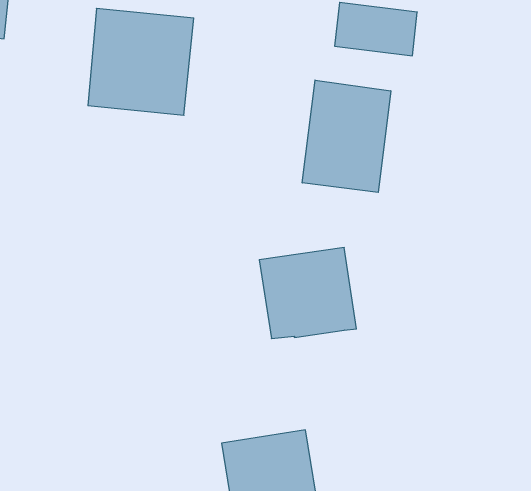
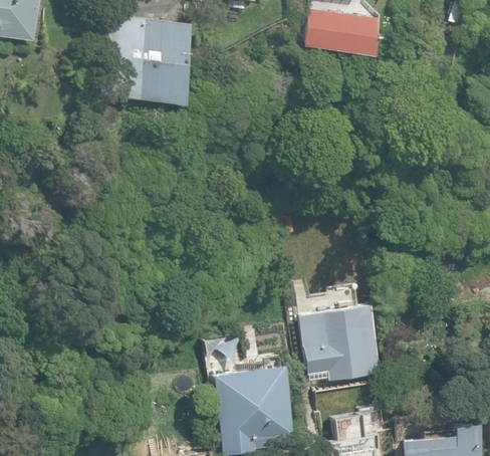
building: [302,80,391,192] -> none
building: [259,248,356,339] -> [302,305,383,381]

